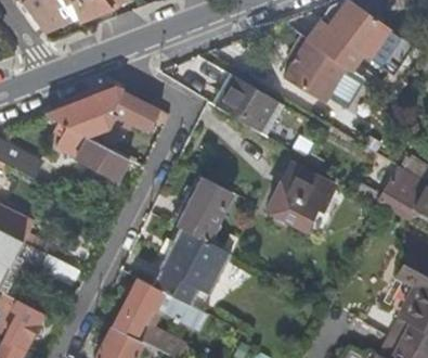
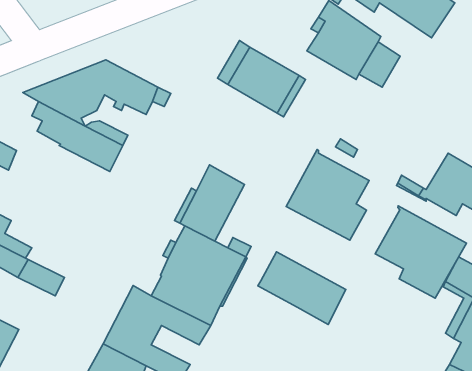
building: none -> [375,206,466,298]
building: none -> [258,252,346,325]

